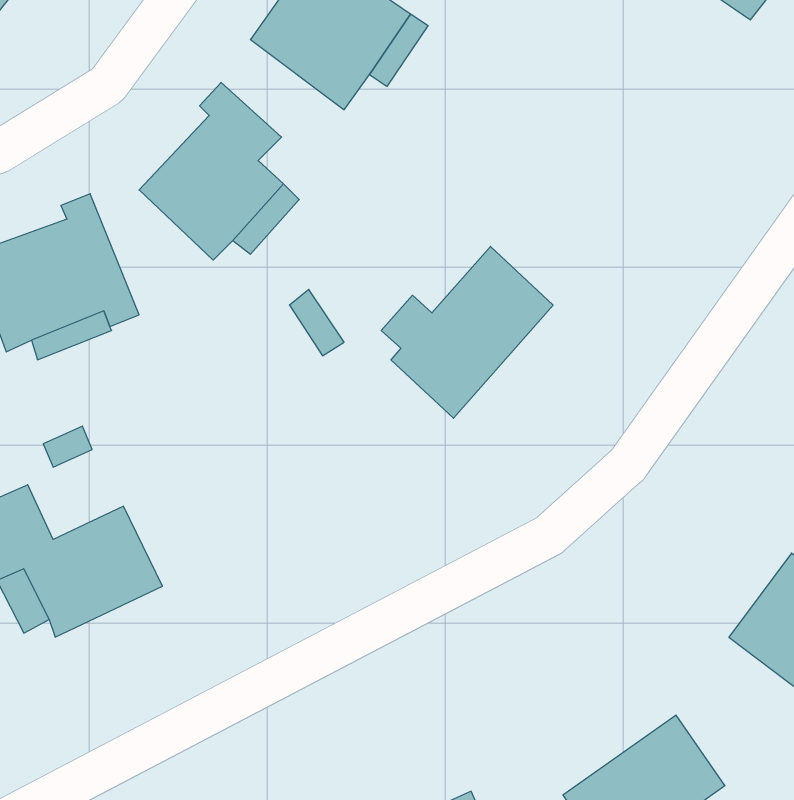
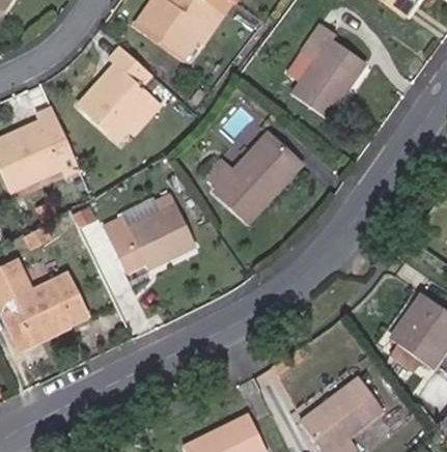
building: none -> [288,18,362,117]
building: none -> [103,191,195,269]

